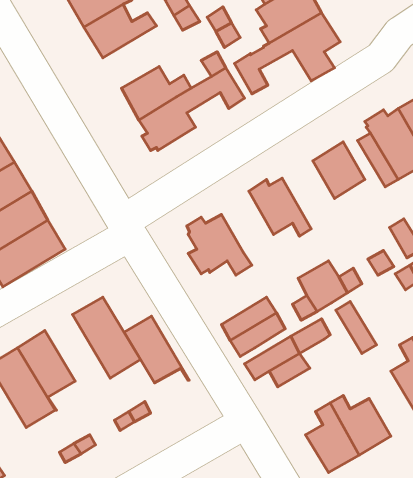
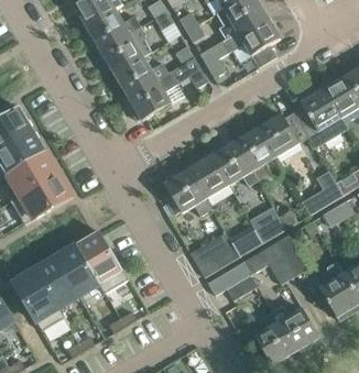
building: none -> [100,25,151,73]
building: none -> [237,128,276,179]
building: none -> [191,151,230,197]
building: none -> [266,241,297,284]
building: [124,316,189,383] -> [56,244,106,295]

